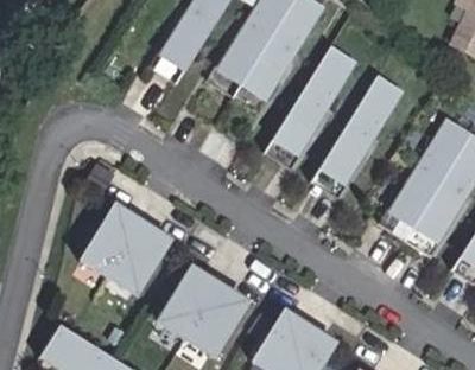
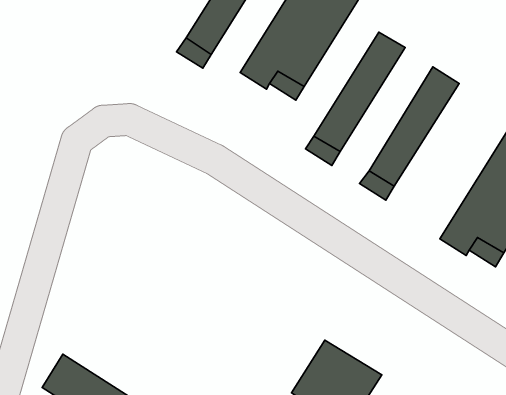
building: [87,206,167,286] -> none
building: [165,270,246,349] -> none

